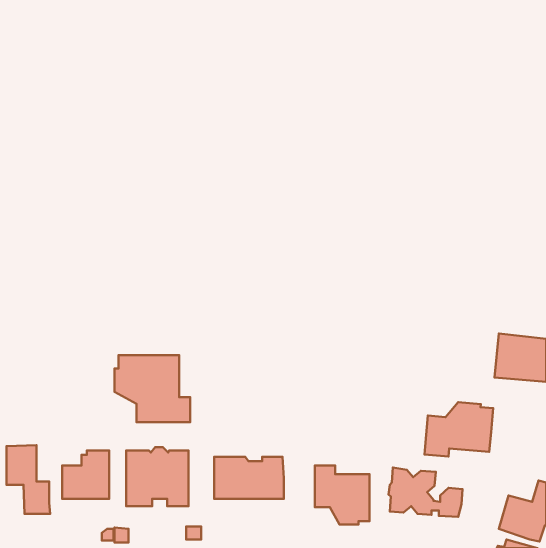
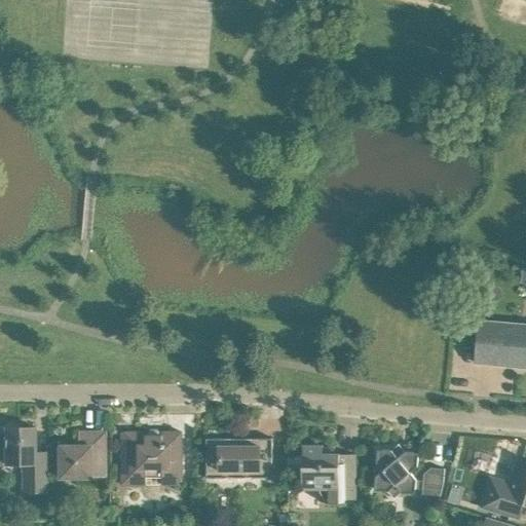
building: [115,355,190,422] -> none
building: [425,402,493,456] -> none

